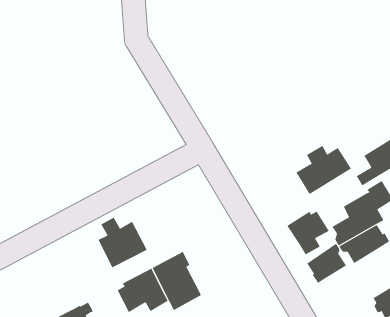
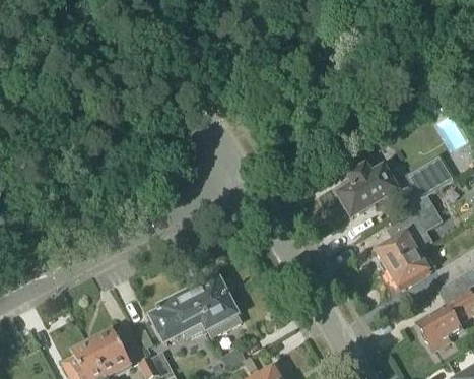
building: [286,211,329,255] -> none
building: [98,217,147,268] -> none
building: [307,243,347,284] -> none

